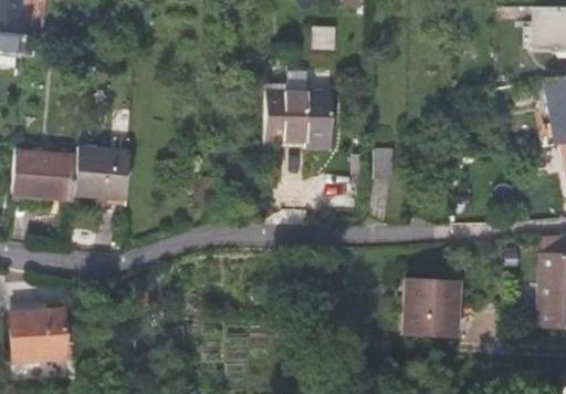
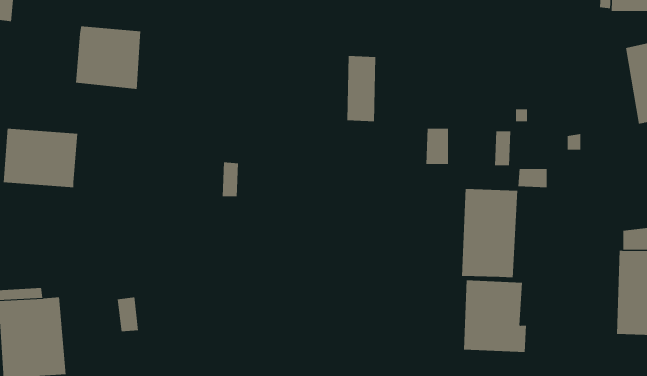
building: [265,72,307,142] -> none
building: [74,146,130,200] -> [75,26,141,89]
building: none -> [461,188,518,278]

